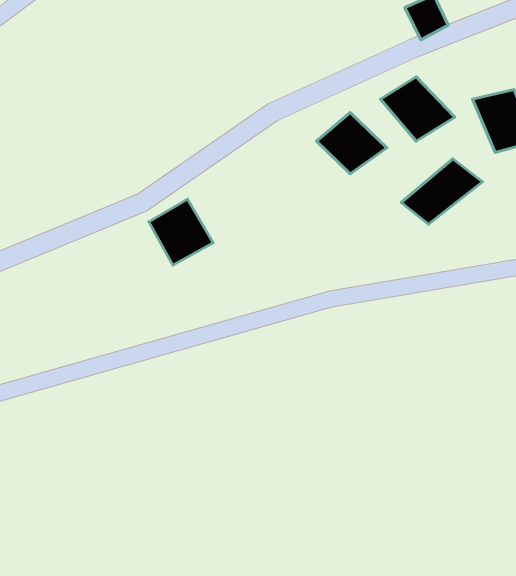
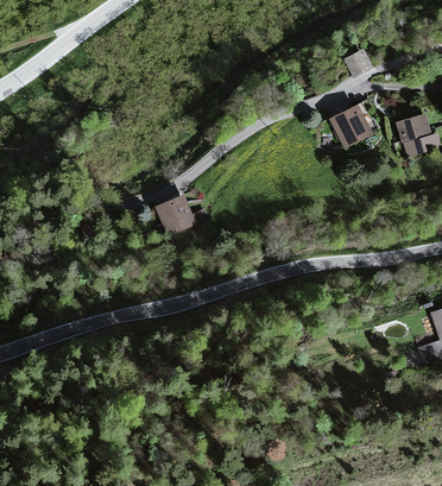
building: [317,113,387,174] -> none
building: [401,159,483,224] -> none

